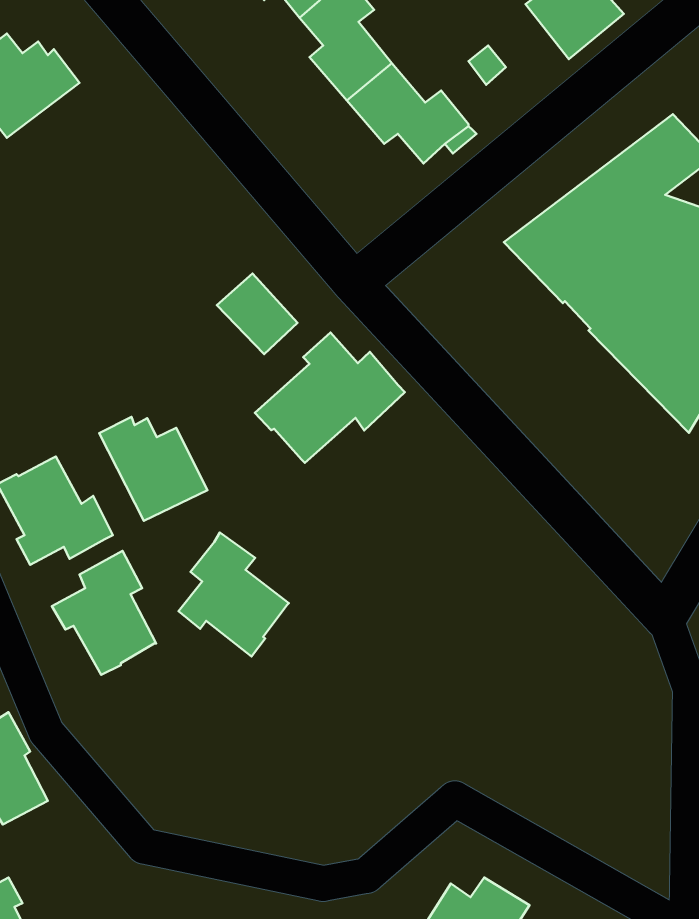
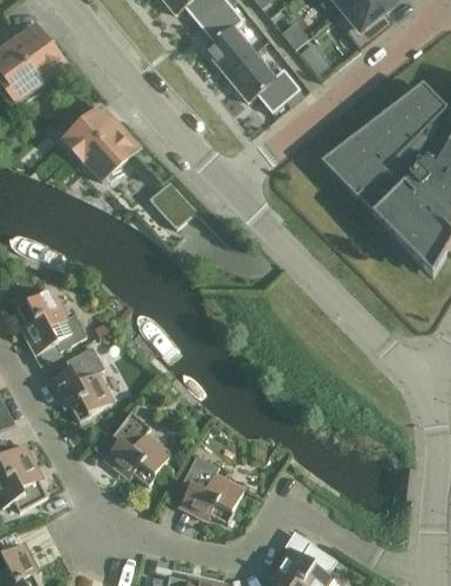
building: none -> [64,105,138,172]
building: [255,333,405,463] -> none
building: [99,417,207,521] -> none
building: [179,532,289,656] -> [104,411,170,485]
building: none -> [179,453,244,523]

